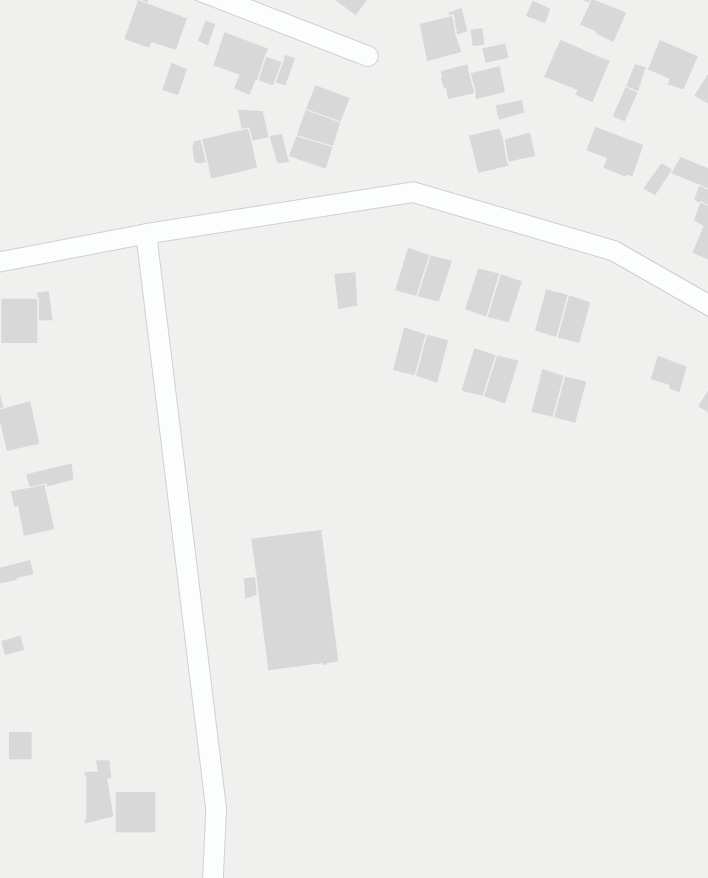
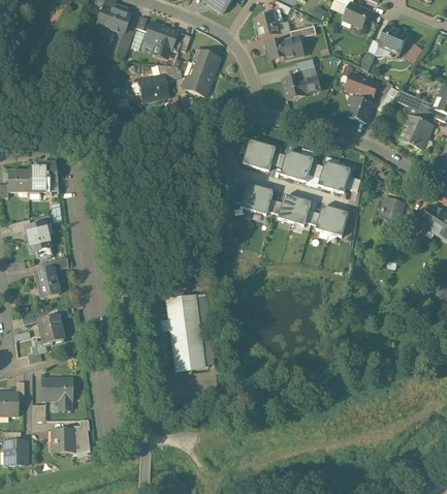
building: [543,39,611,103] -> none
building: none -> [349,96,373,122]
building: none -> [37,315,63,344]
building: none -> [42,379,72,410]
building: [115,791,156,833] -> [52,429,74,452]

